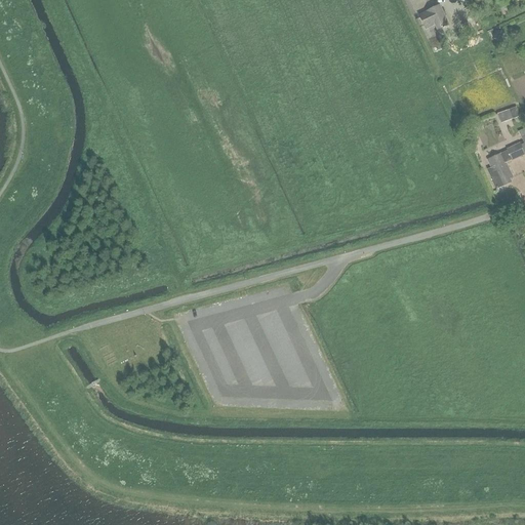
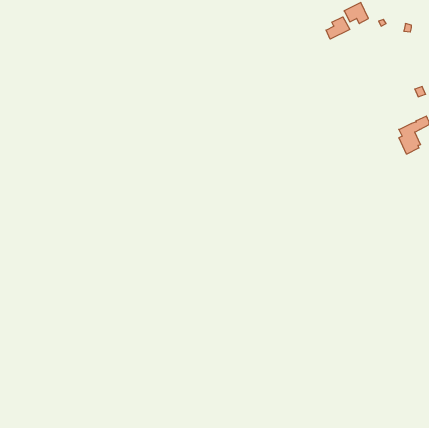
building: none -> [326,17,350,39]

